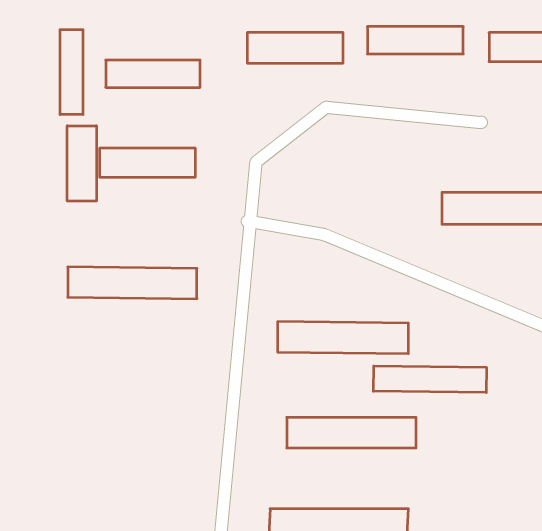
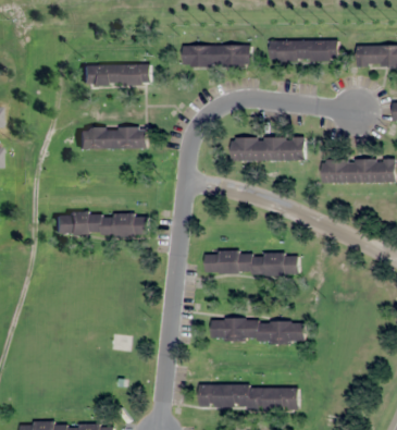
building: [60,30,83,115] -> none
building: [67,126,96,201] -> none
building: none -> [232,138,306,161]
building: [373,366,486,393] -> none

